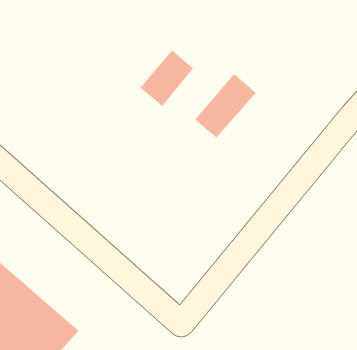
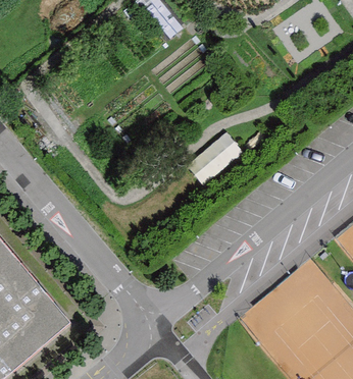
building: [140,50,194,107] -> none

